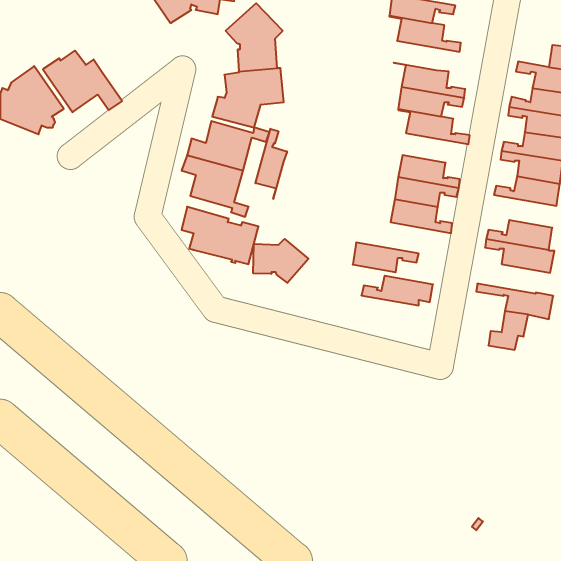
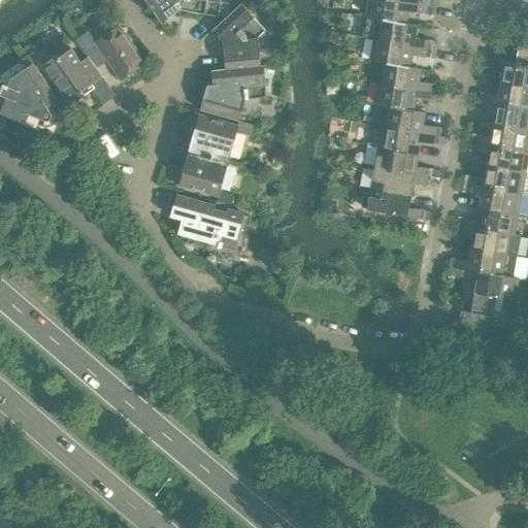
building: none -> [76,25,145,78]
building: none -> [370,38,432,66]
building: [255,129,287,199] -> none
building: none -> [463,183,523,213]
building: [253,239,308,283] -> none
building: [353,243,419,272] -> [378,125,440,153]
building: [361,276,433,305] -> [450,248,517,275]

